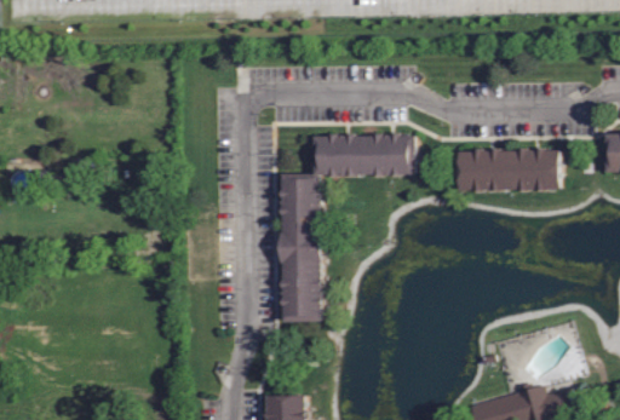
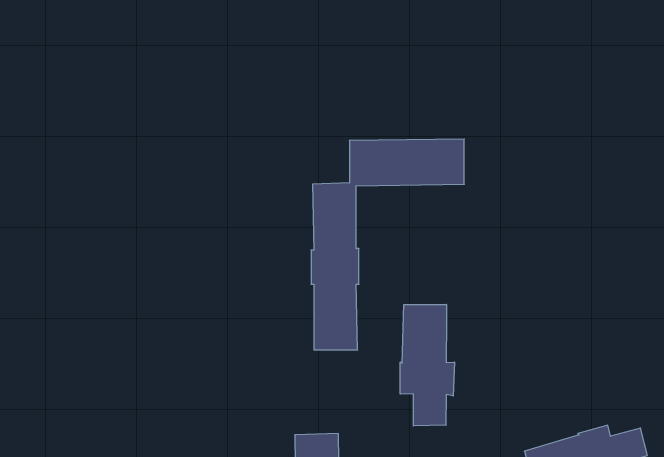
building: [458,149,559,189] -> none
building: none -> [400,304,454,426]

